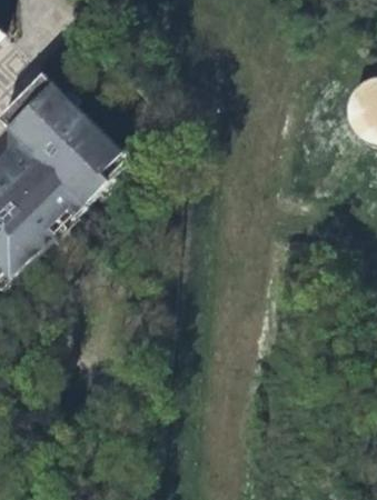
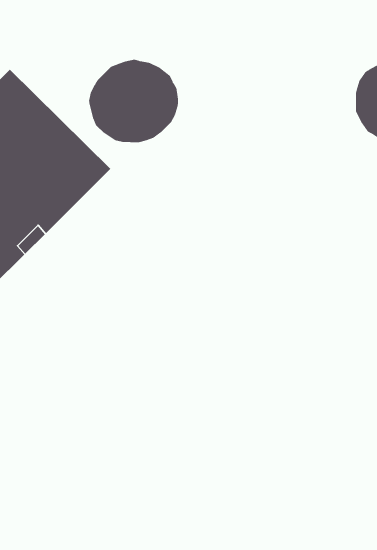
building: none -> [89,59,179,143]

